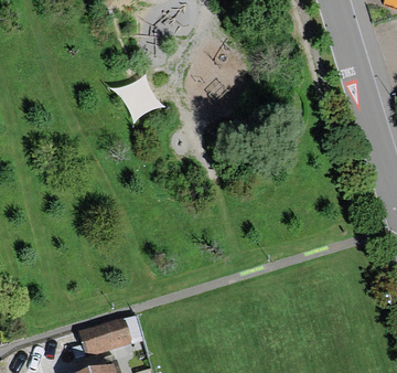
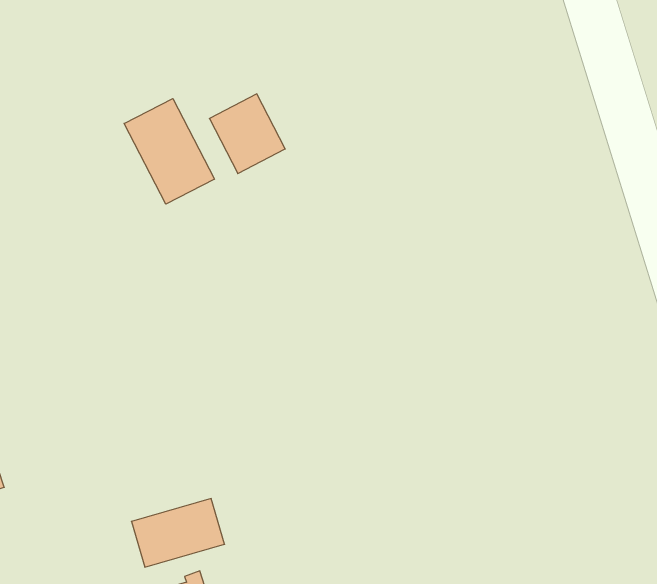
building: none -> [124,99,214,204]

